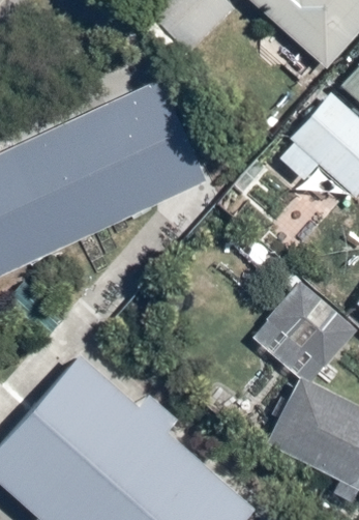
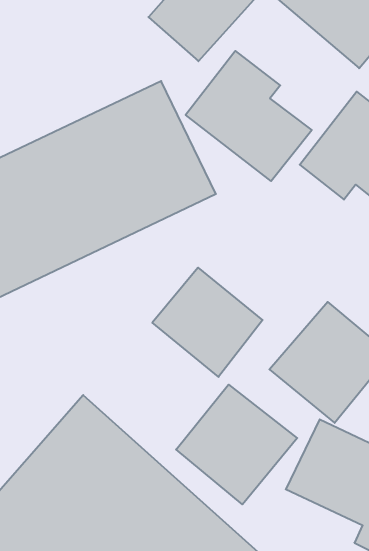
building: none -> [186,51,312,181]
building: none -> [152,268,263,377]
building: none -> [176,385,297,504]

